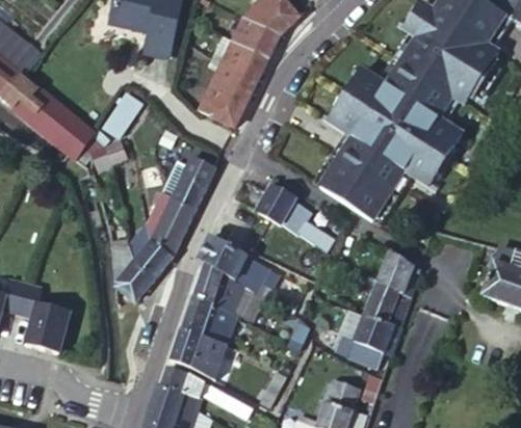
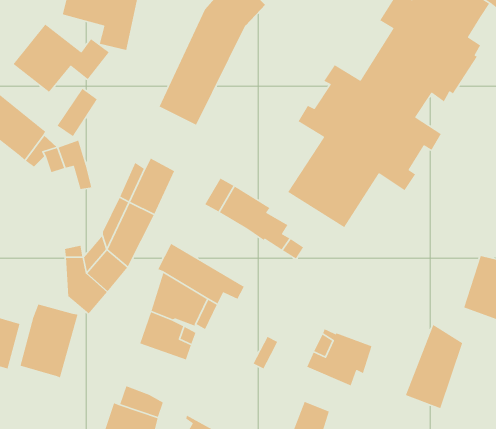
building: none -> [13,24,110,93]
building: [364,251,418,330] -> [405,324,463,409]
building: none -> [19,303,78,378]
building: [170,328,225,380] -> none

